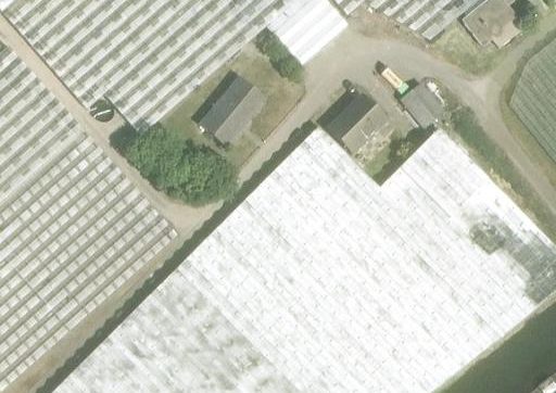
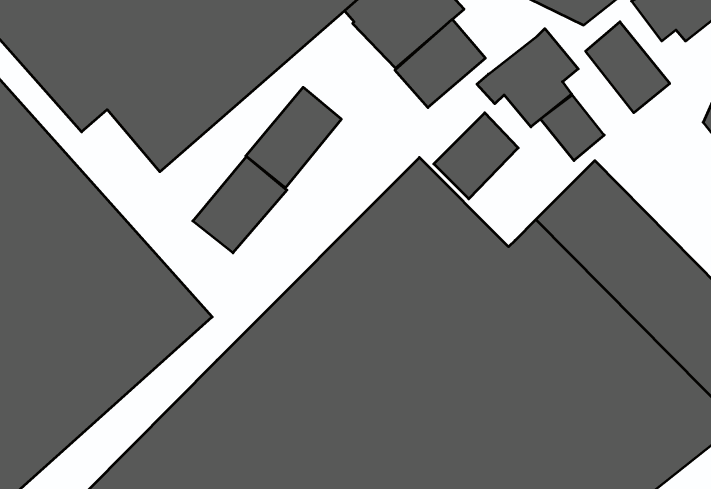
building: none -> [395,19,485,108]
building: none -> [586,22,670,113]
building: none -> [477,29,578,127]
building: none -> [193,156,287,253]

